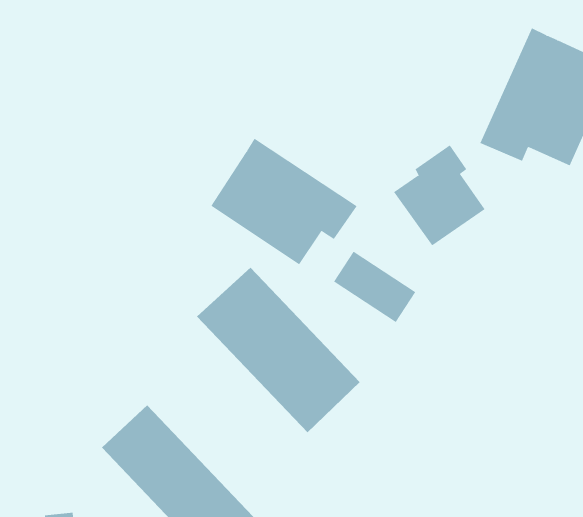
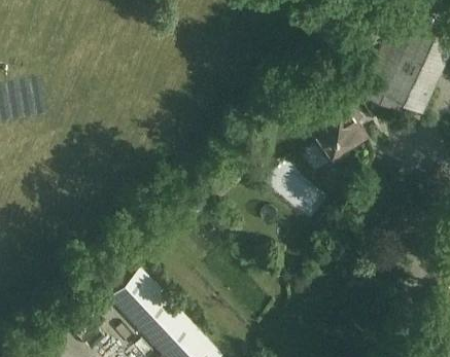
building: [210,138,358,265] -> none
building: [196,267,360,433] -> none

